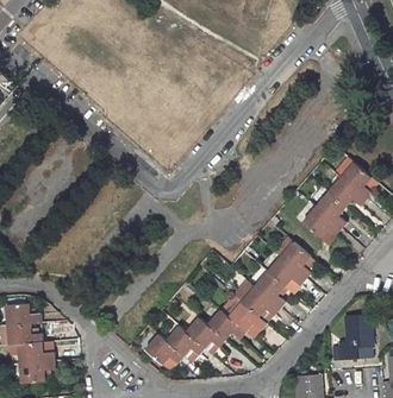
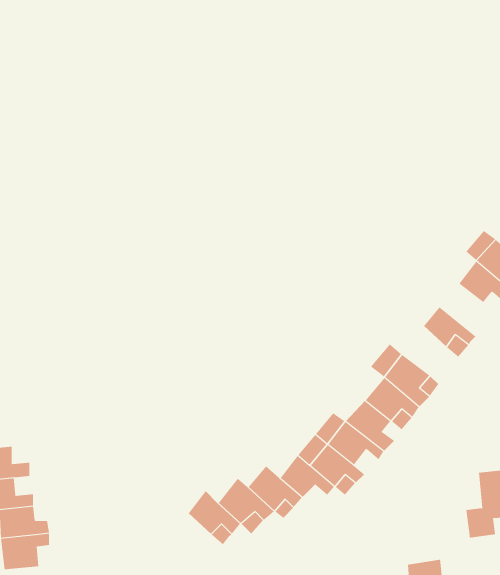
building: [314,194,345,229] -> none

